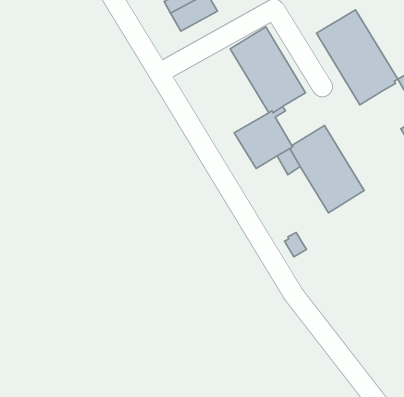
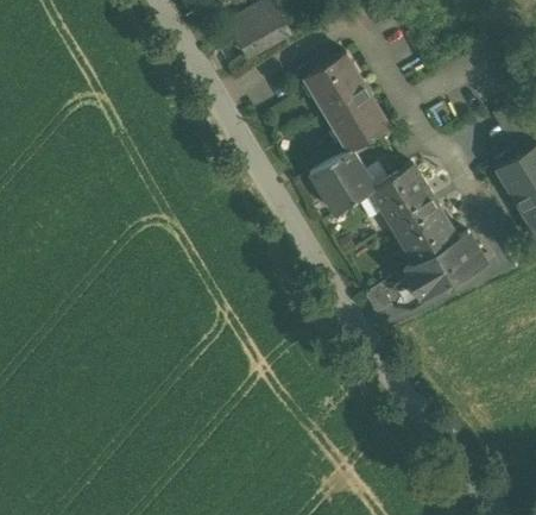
building: [316,10,398,105] -> none
building: none -> [402,232,486,300]

